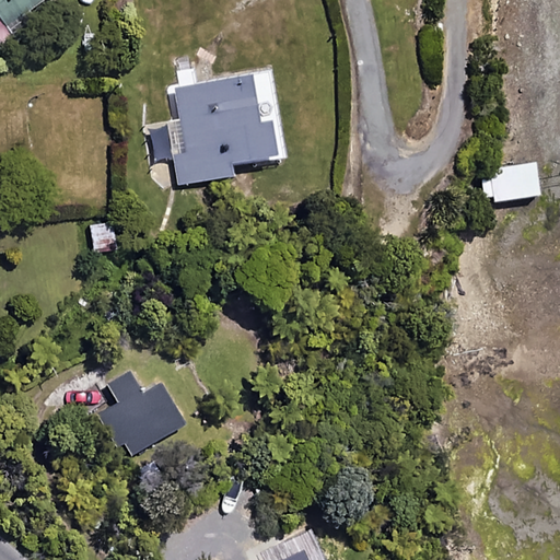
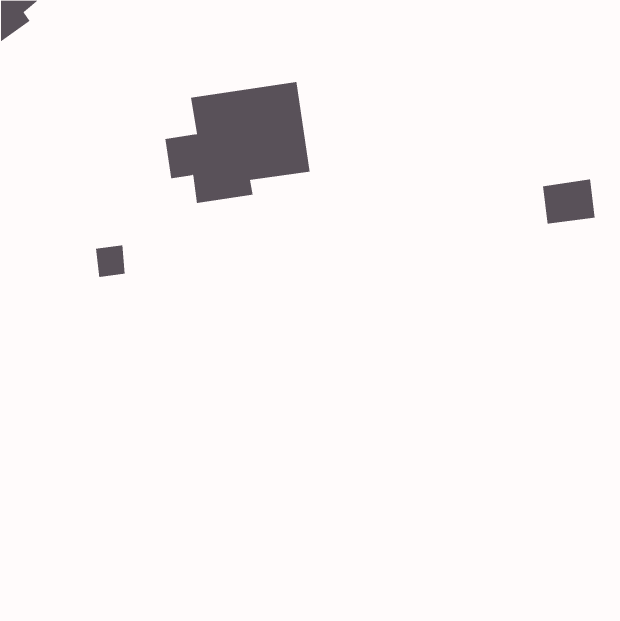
building: [75,366,185,455] -> none

